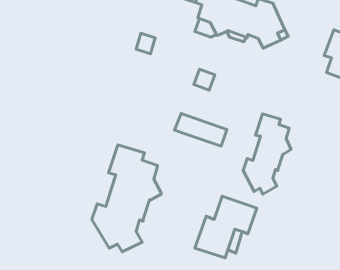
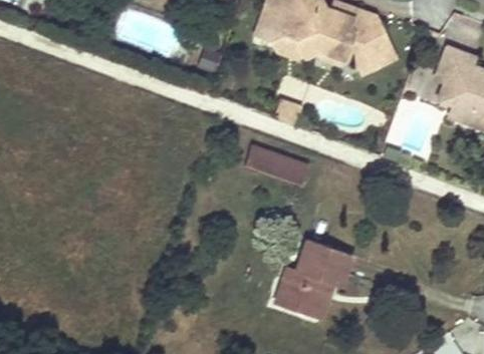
building: [243,114,291,194] -> none
building: [92,145,161,252] -> none

